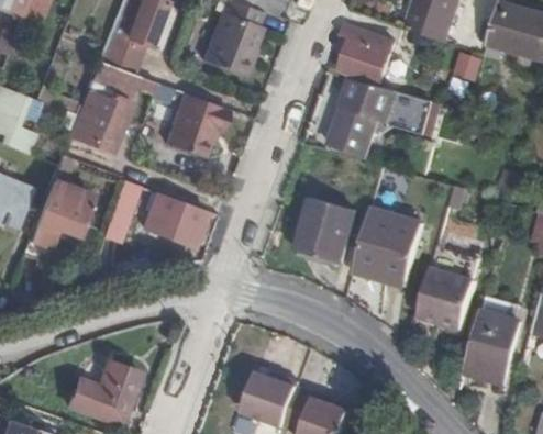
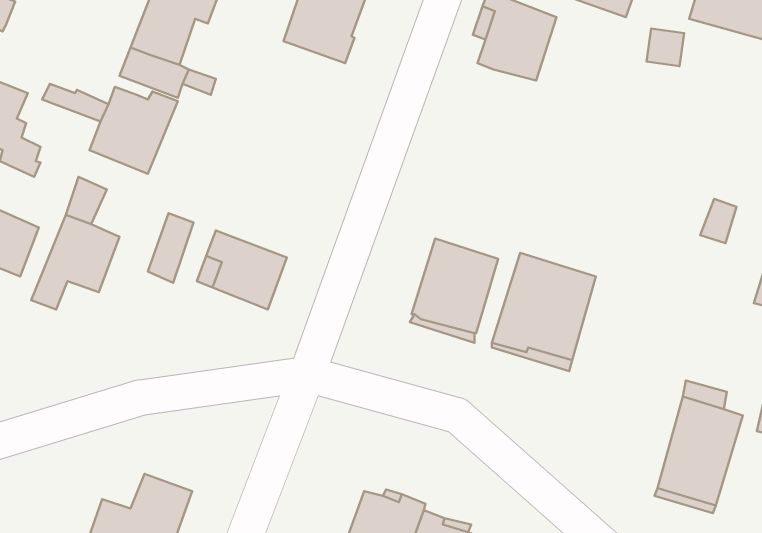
building: [330,79,433,156] -> none
building: [165,96,226,159] -> none
building: [417,269,474,329] -> none

